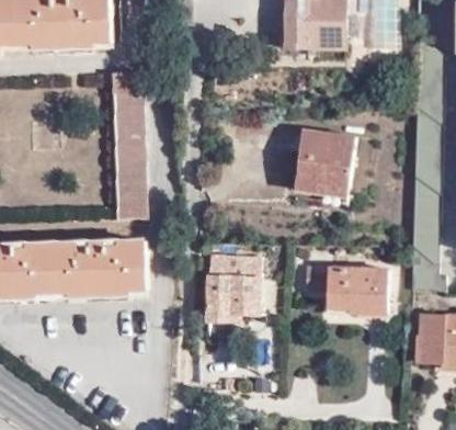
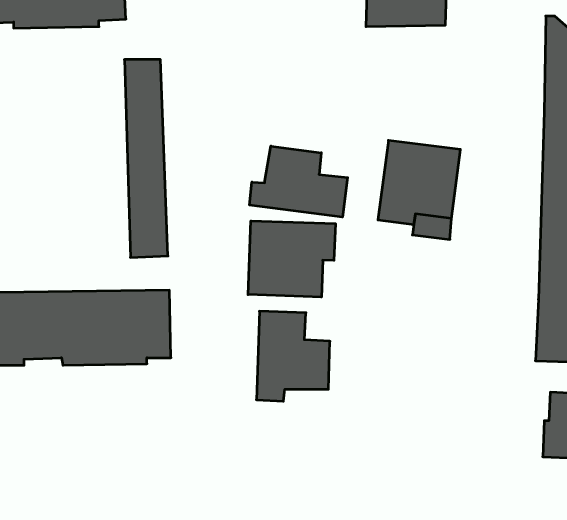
building: none -> [250,146,348,217]
building: none -> [248,221,335,297]
building: [305,267,388,314] -> none

